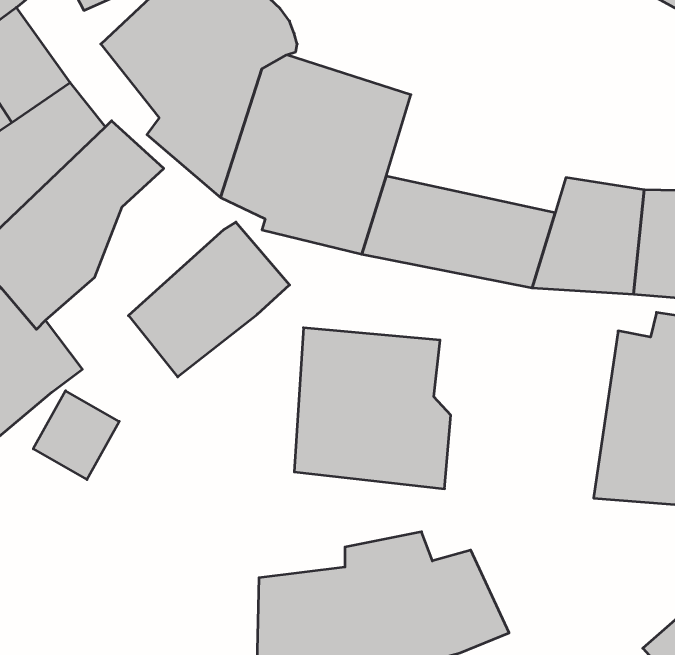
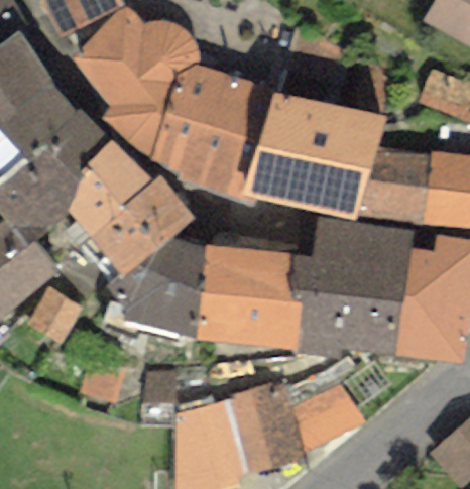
building: none -> [259,91,385,168]
building: none -> [68,139,152,236]
building: none -> [290,216,415,356]
building: none -> [106,235,205,339]

